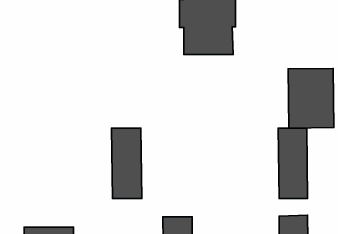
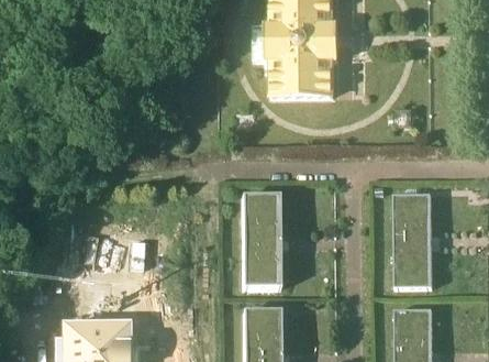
building: [288,68,334,128] -> none
building: [112,128,142,199] -> [243,195,282,287]

